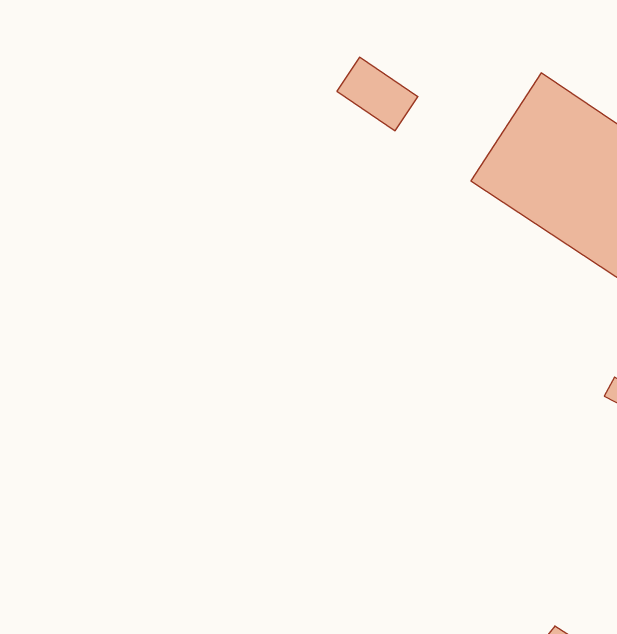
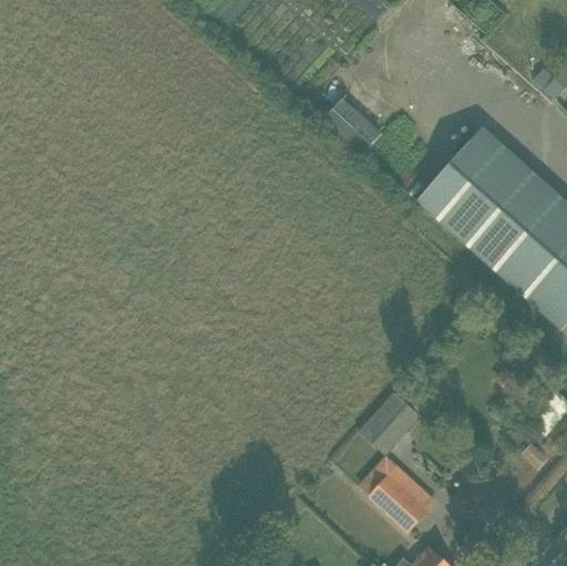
building: none -> [358,383,427,454]
building: none -> [369,465,434,531]

